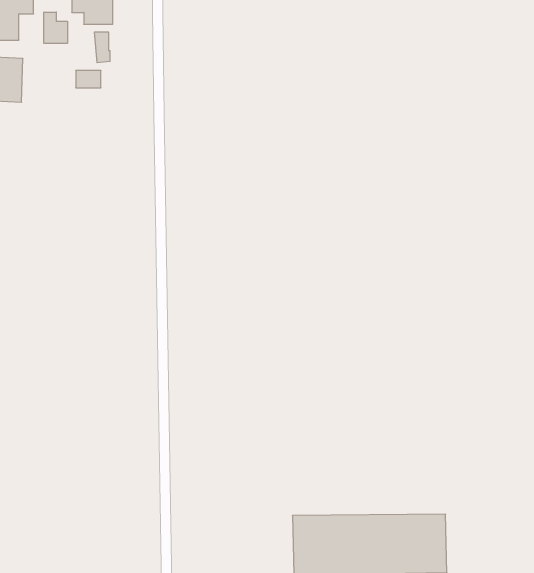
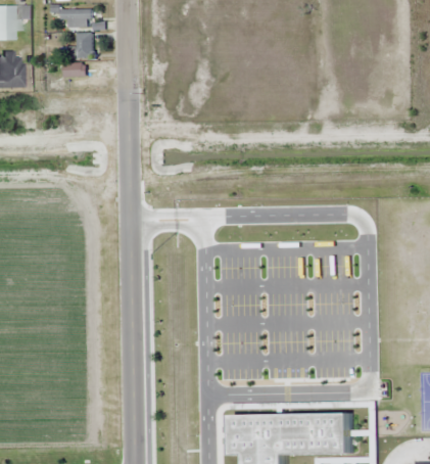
building: [44,12,67,43] -> none

